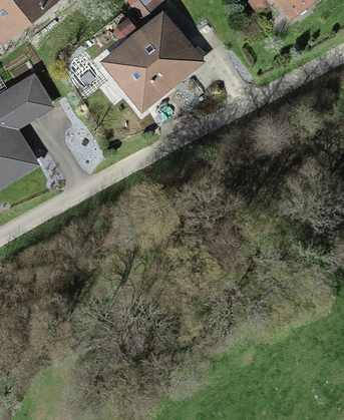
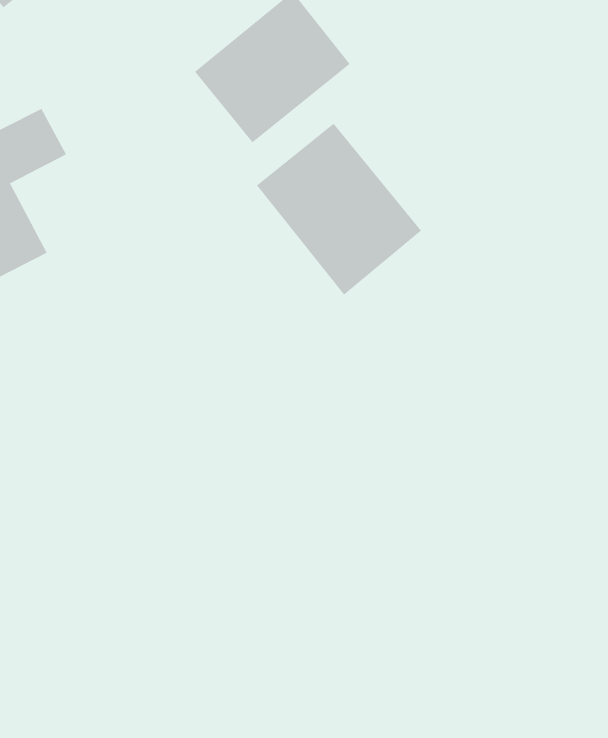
building: none -> [256,123,422,295]

